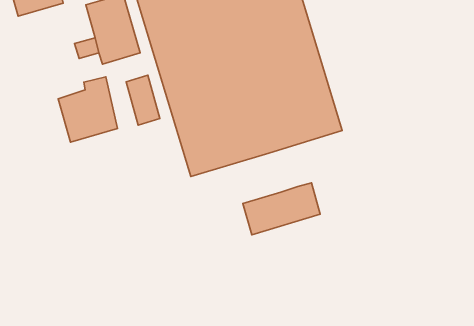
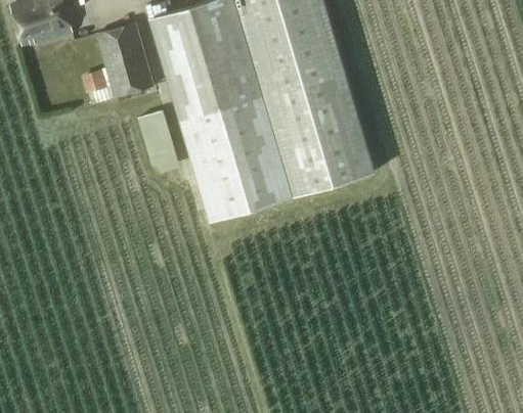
building: [58,77,117,142] -> none
building: [243,183,320,235] -> none

